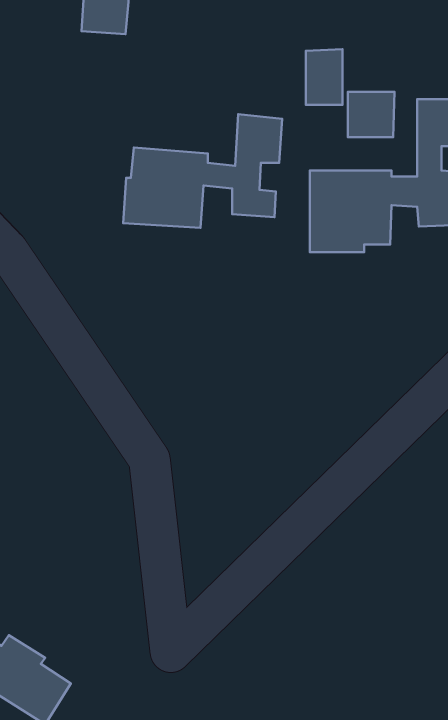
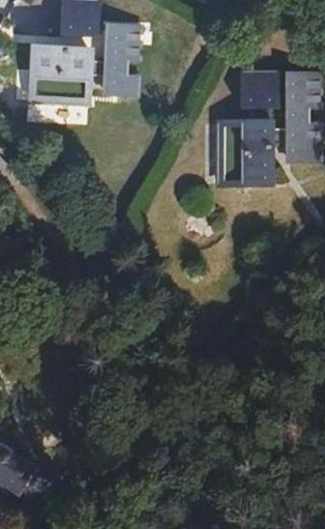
building: [306,49,343,105] -> none
building: [123,114,282,228] -> [29,23,138,100]

